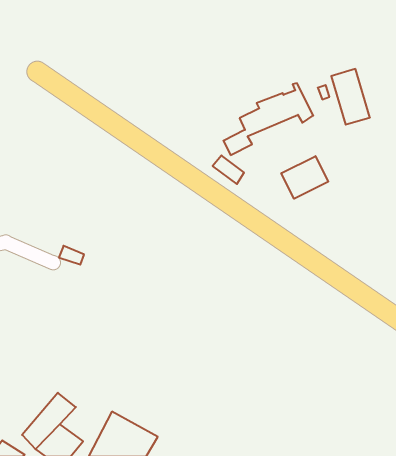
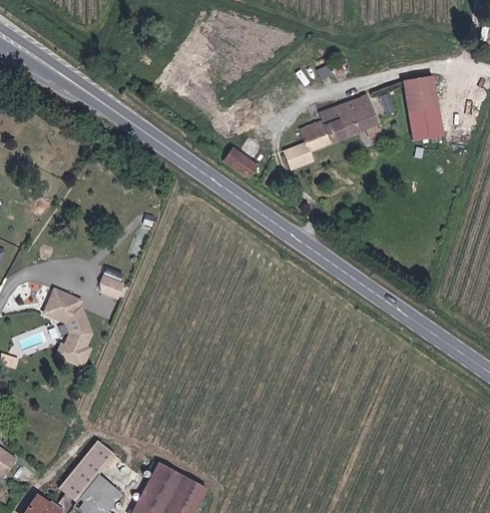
building: [213,155,244,184] -> [224,144,260,176]
building: [281,156,328,199] -> none
building: none -> [42,286,95,368]

